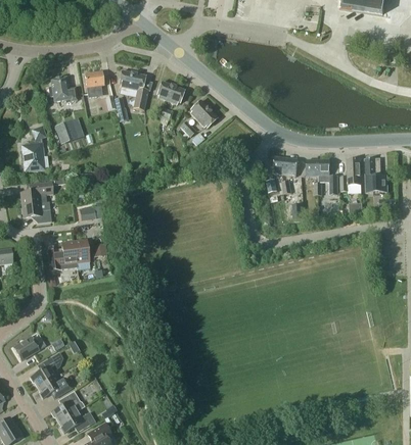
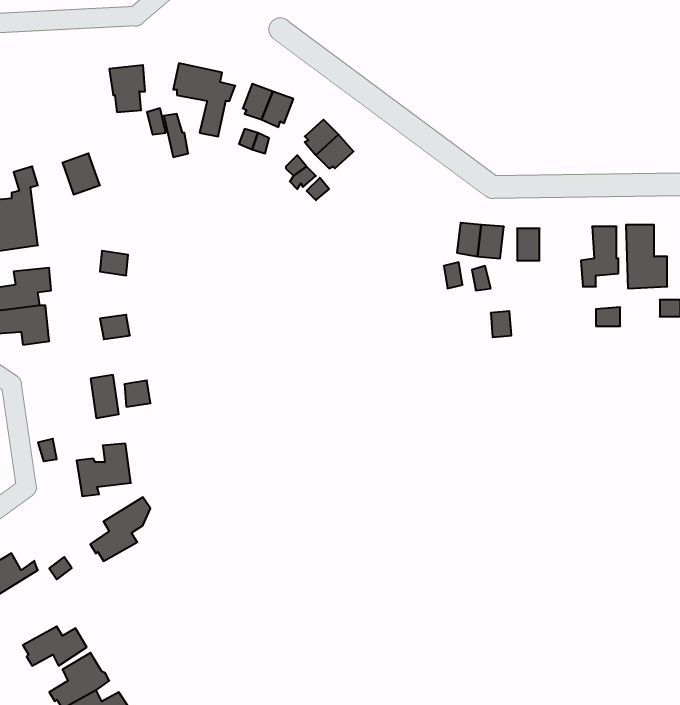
building: [48,78,77,102] -> none
building: [318,160,337,196] -> none
building: [47,242,77,270] -> [77,444,131,496]
building: [30,352,62,387] -> [90,497,150,561]

